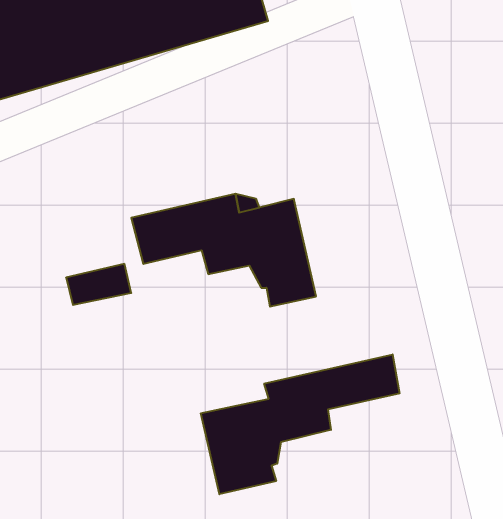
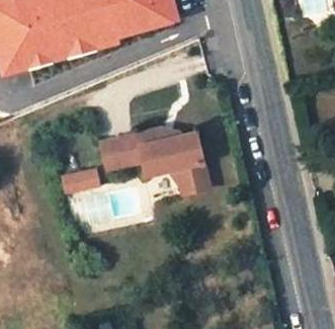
building: [201,354,400,494] -> none

